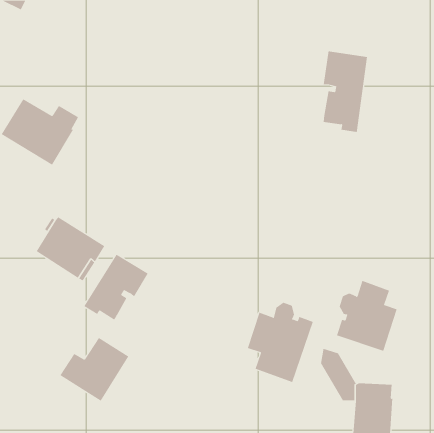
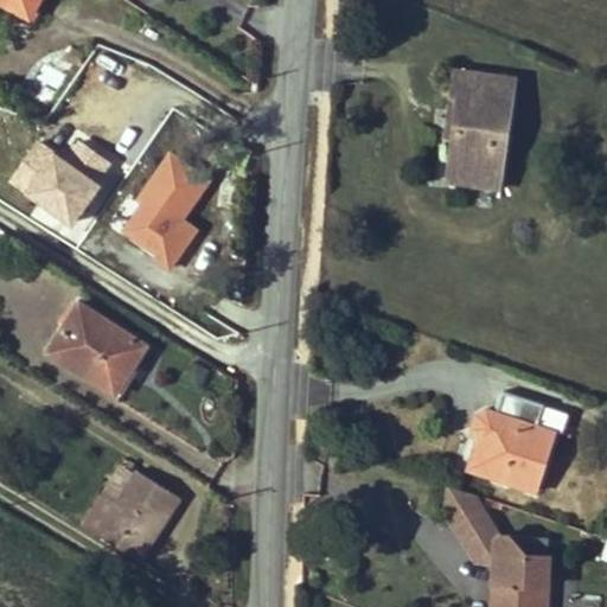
building: none -> [113,148,213,271]
building: [84,254,149,320] -> none
building: [247,302,313,383] -> none

